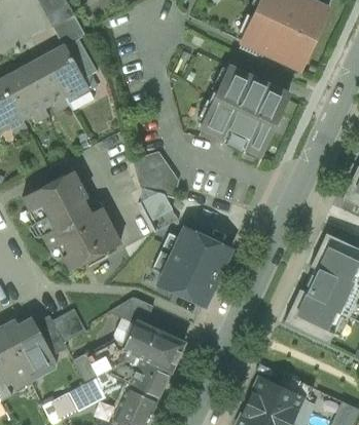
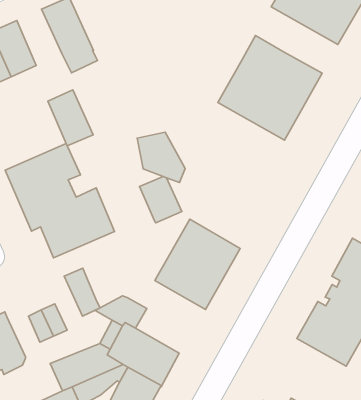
building: [23,59,64,107] -> [48,90,93,146]
building: [34,315,67,356] -> [64,268,100,316]

